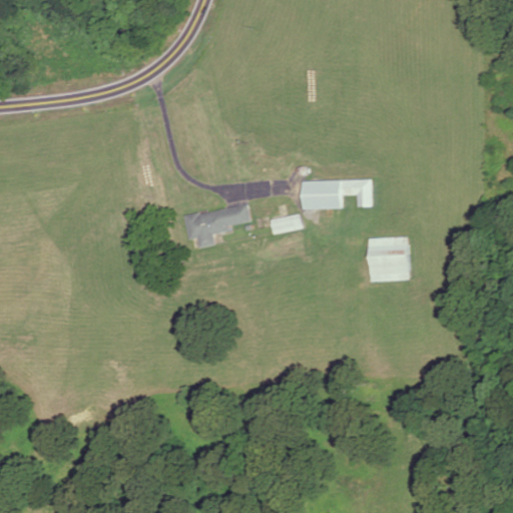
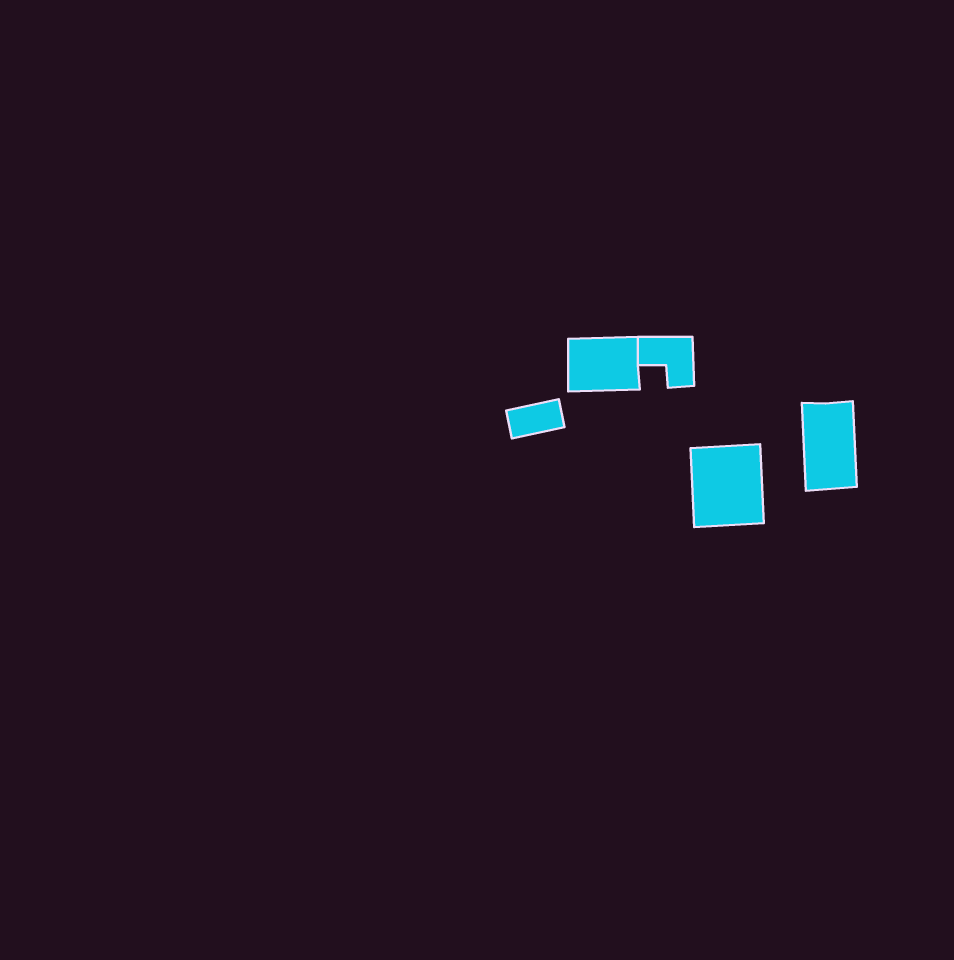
building: [184,203,251,246] -> none
building: none -> [802,401,857,491]

